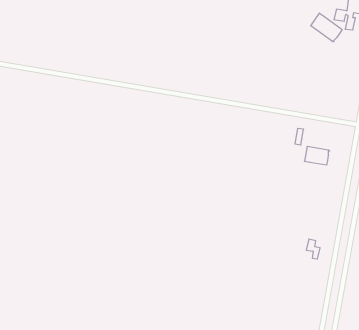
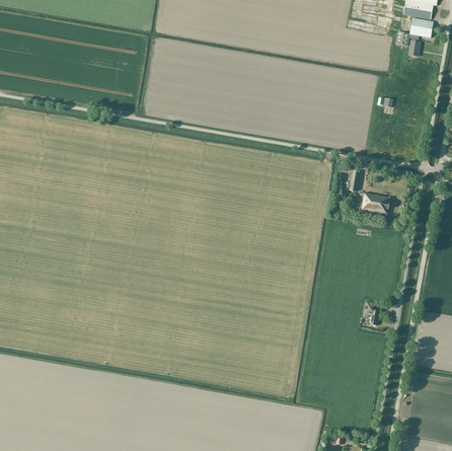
building: [311,13,342,42] -> none

